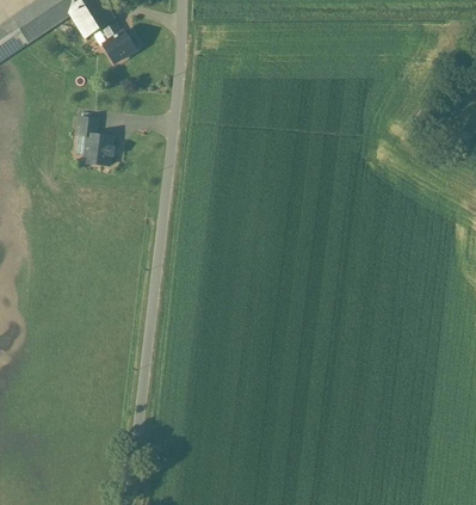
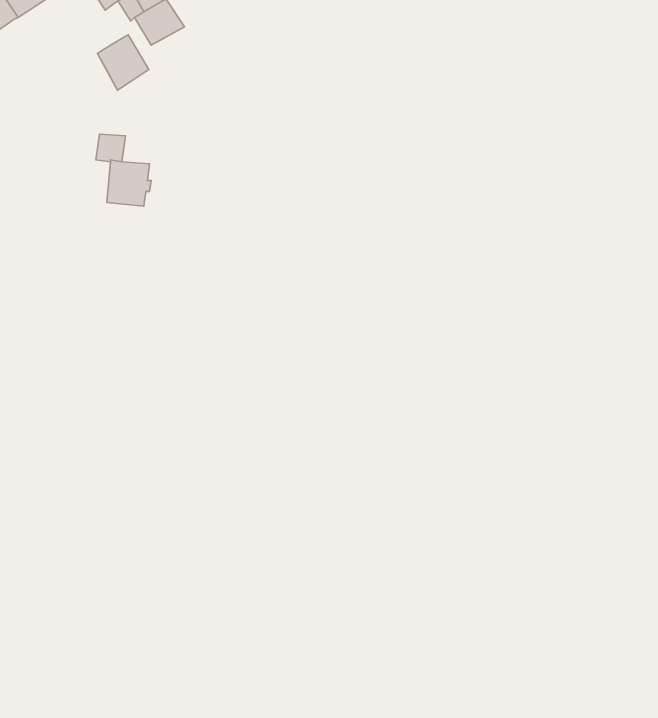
building: none -> [97,35,149,90]

